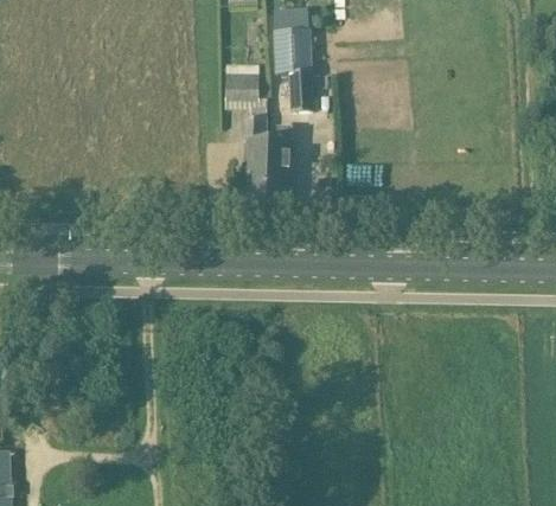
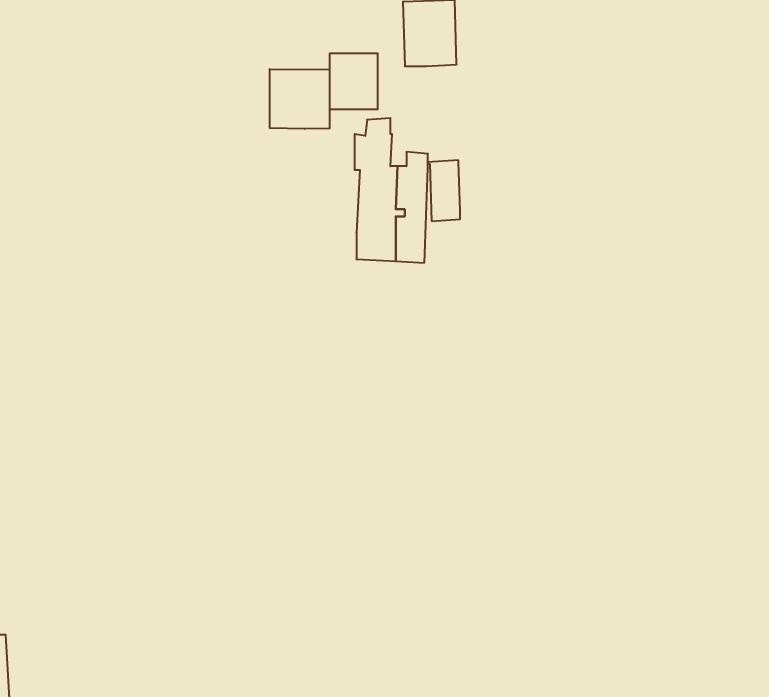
building: [289,70,311,110] -> [428,160,460,221]
building: none -> [270,69,330,129]

